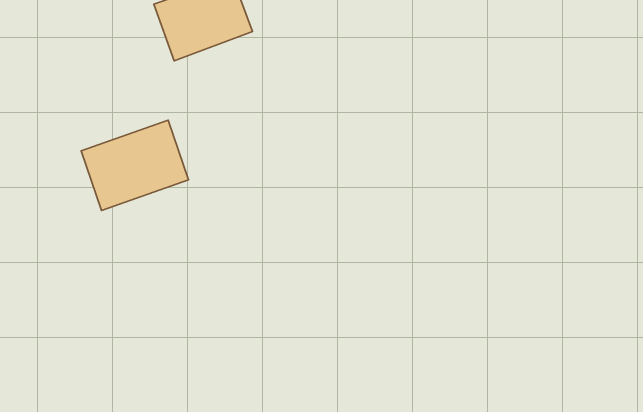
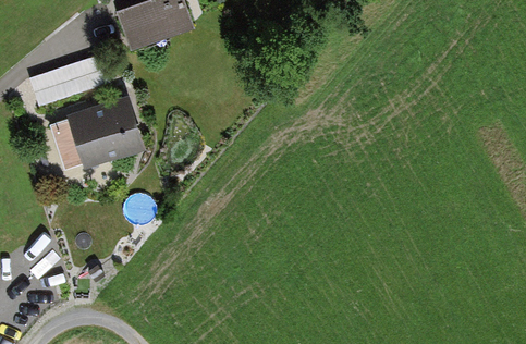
building: none -> [26,54,101,102]

